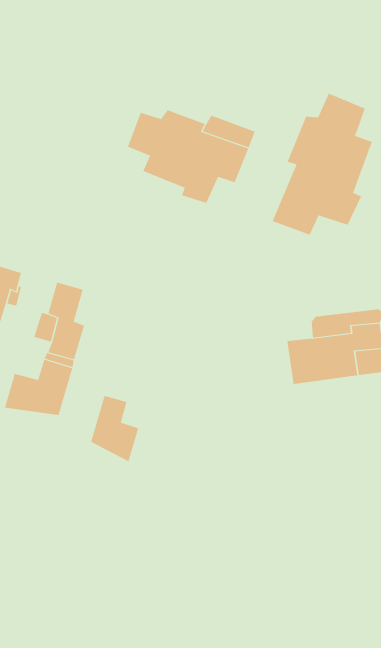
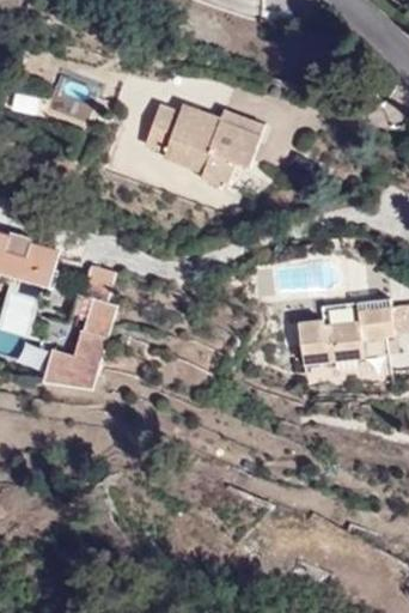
building: [272,93,373,236] -> none
building: [90,395,139,462] -> none

